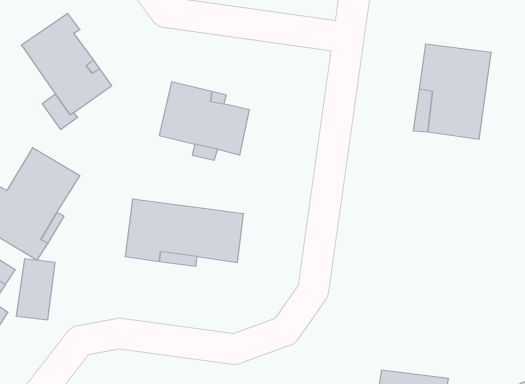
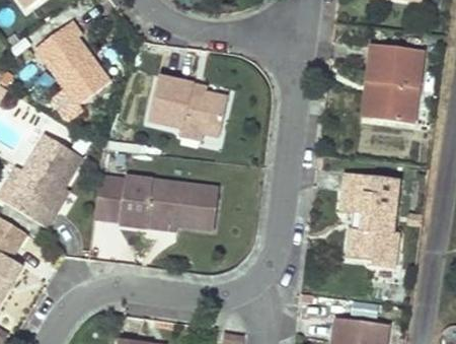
building: none -> [339,177,396,268]
building: [16,259,55,320] -> [93,171,126,222]

